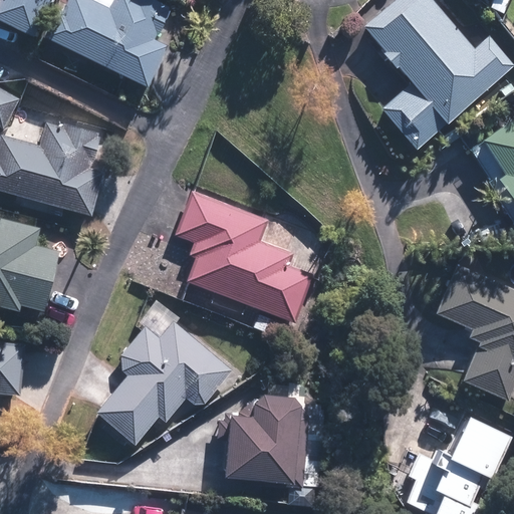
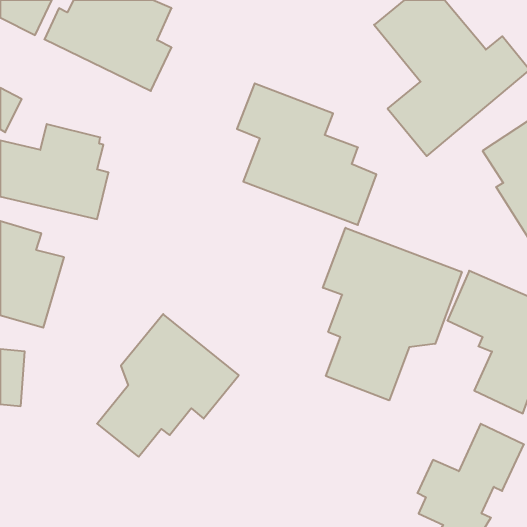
building: [176,188,311,325] -> [237,83,376,225]
building: none -> [323,228,462,400]
building: [217,410,306,482] -> none

